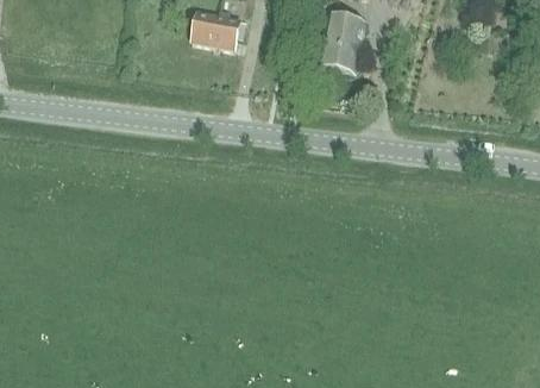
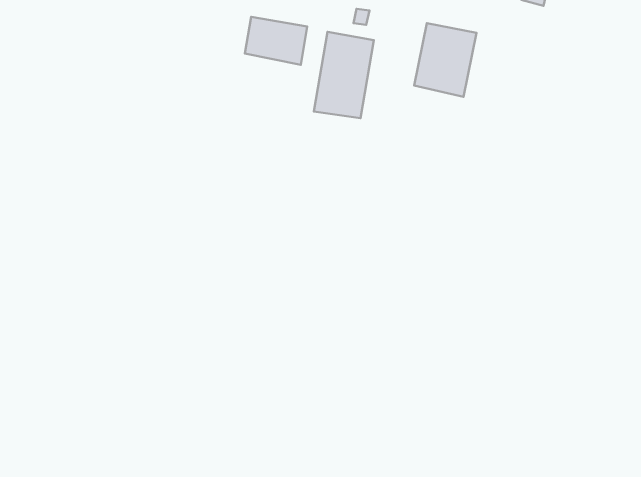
building: none -> [314,32,374,118]

